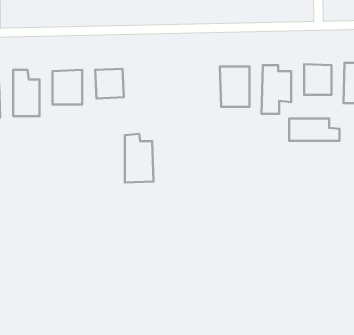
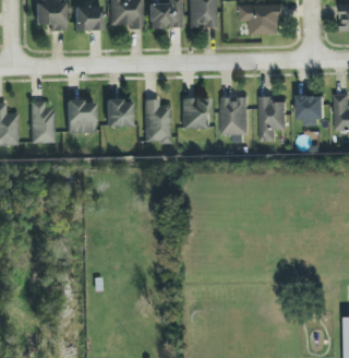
building: none -> [182,97,209,128]
building: [289,119,340,141] -> none
building: [125,134,153,183] -> [145,98,171,143]

